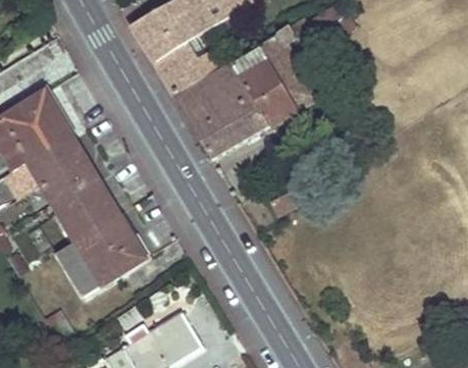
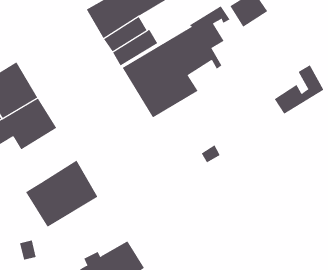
building: [257,63,319,125] -> [274,64,324,115]
building: [49,171,118,239] -> none

